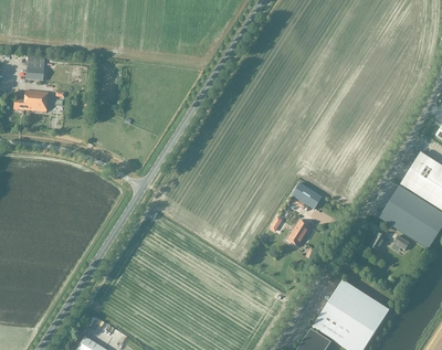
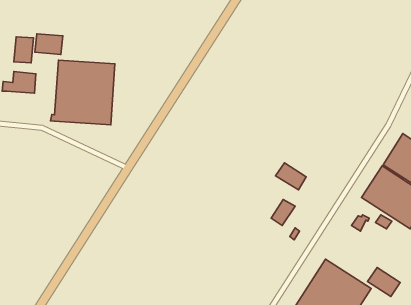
building: none -> [35,34,63,54]
building: none -> [50,60,115,125]
building: none -> [367,268,400,297]

